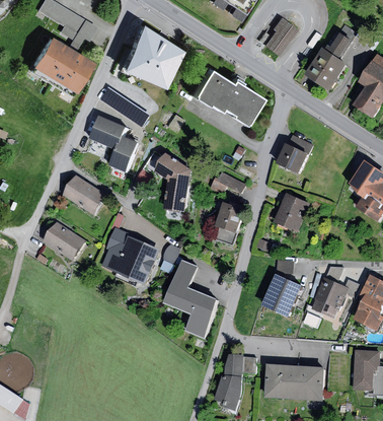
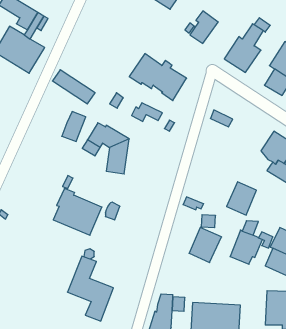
building: [119,22,179,87] -> none
building: [91,116,128,149] -> none
building: [278,144,309,173] -> none
building: [210,171,246,194] -> [132,103,162,121]
building: [64,176,108,216] -> none
building: [273,192,308,231] -> [227,182,256,215]
building: [214,201,244,243] -> none
building: [43,221,85,260] -> none
building: [164,263,219,340] -> [67,256,113,321]

